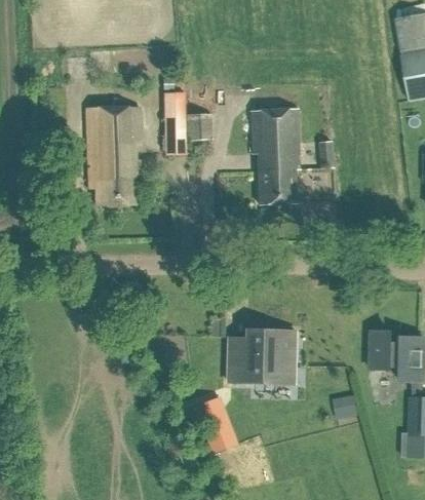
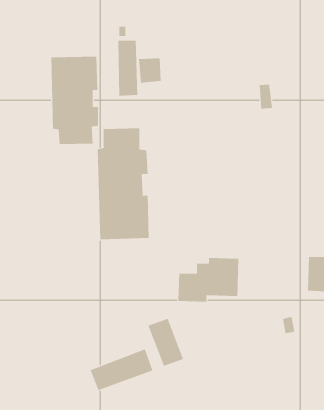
building: [249,111,298,201] -> none
building: none -> [97,128,149,240]
building: none -> [90,349,153,391]

